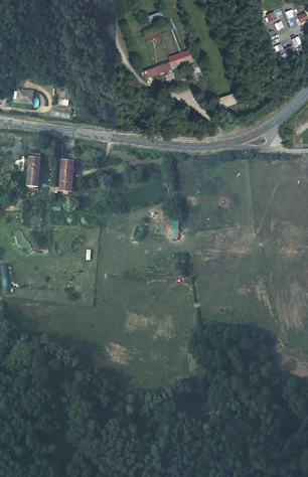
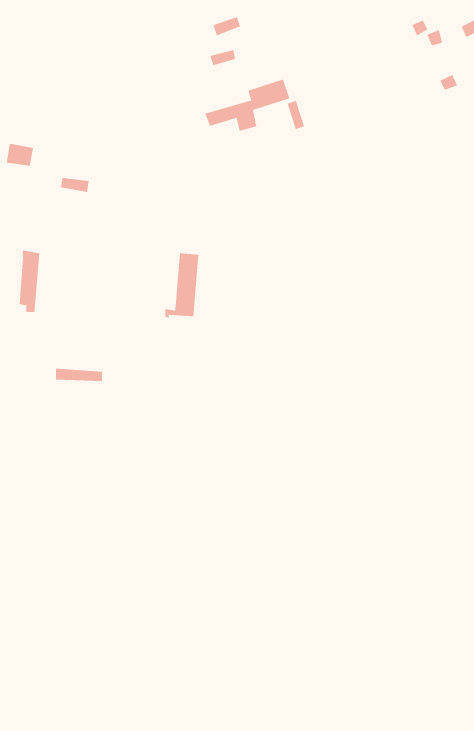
building: [52,152,73,192] -> [165,253,199,318]

